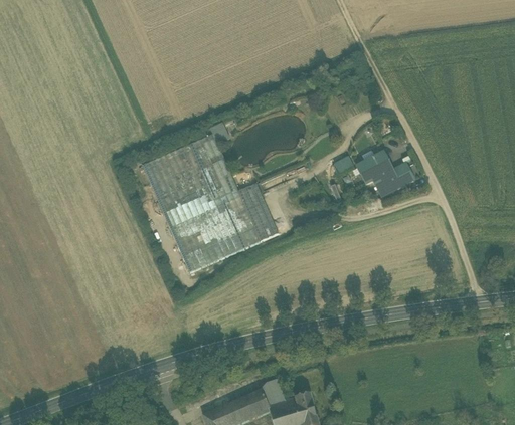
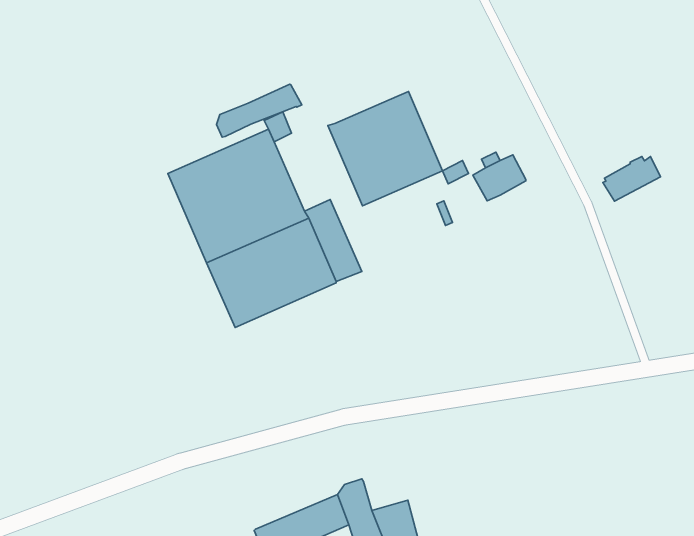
building: none -> [217,84,302,137]
building: none -> [328,91,442,206]
building: [374,166,414,197] -> [603,157,660,201]

